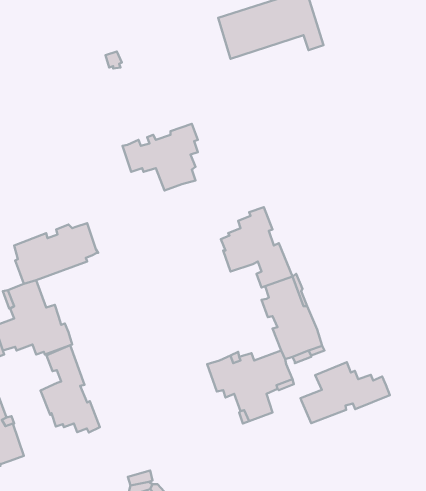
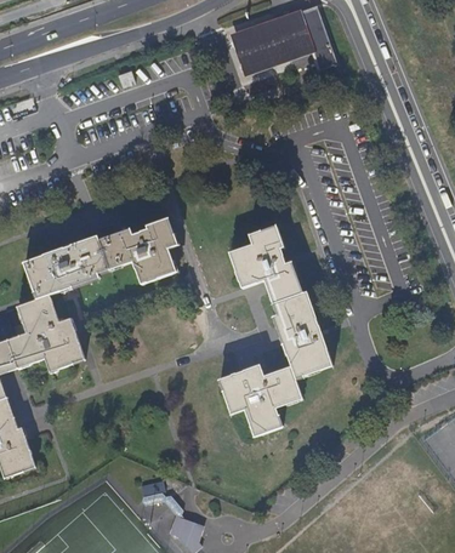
building: [122,124,198,190] -> [99,217,174,283]
building: [40,345,100,433] -> none
building: [300,362,390,423] -> none

